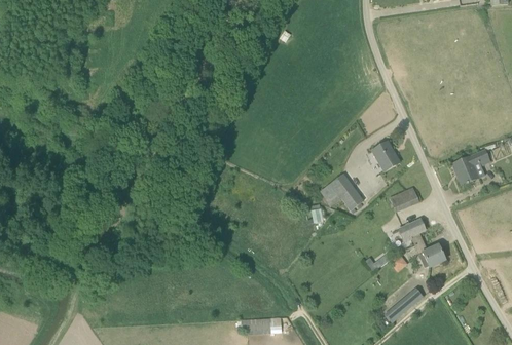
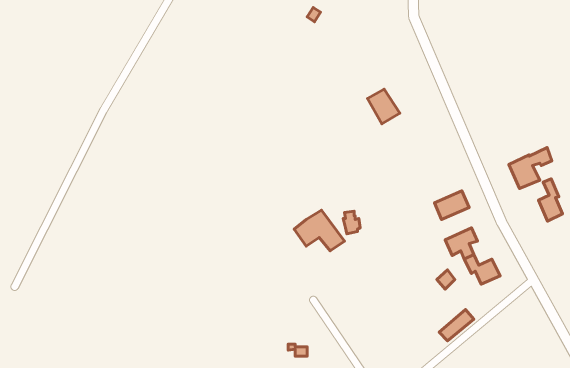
building: [372,142,400,171] -> [368,89,400,124]
building: [320,175,363,209] -> [294,210,344,251]
building: none -> [539,179,562,221]

